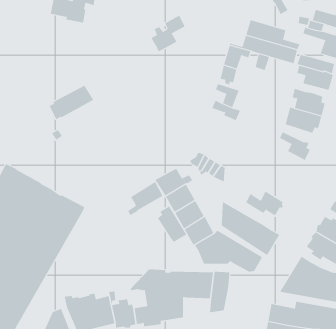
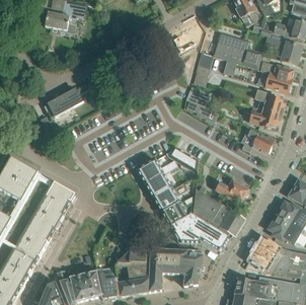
building: [150,15,185,52] -> [172,18,203,51]
building: [127,181,163,216] -> none
building: [157,206,187,243] -> none

